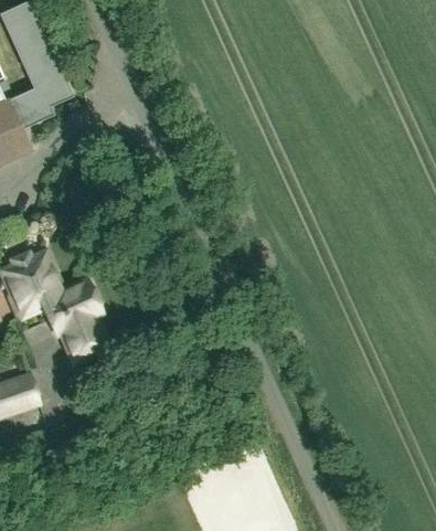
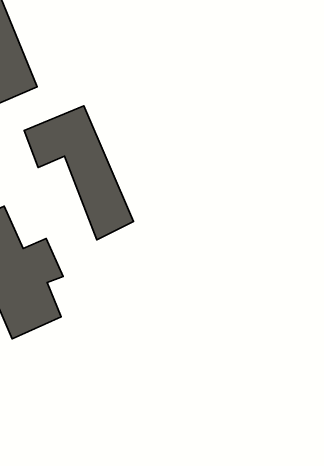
building: none -> [24,106,134,240]

